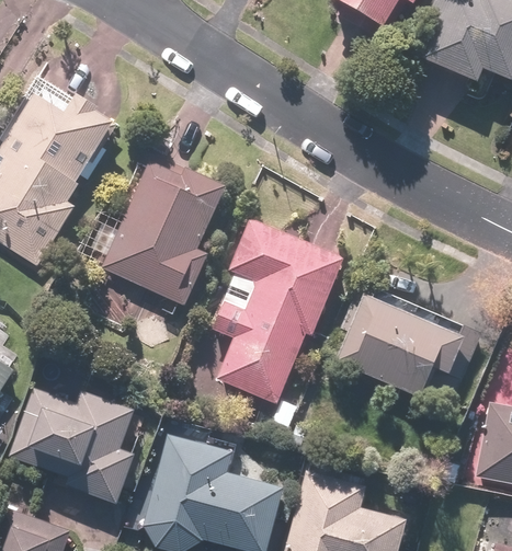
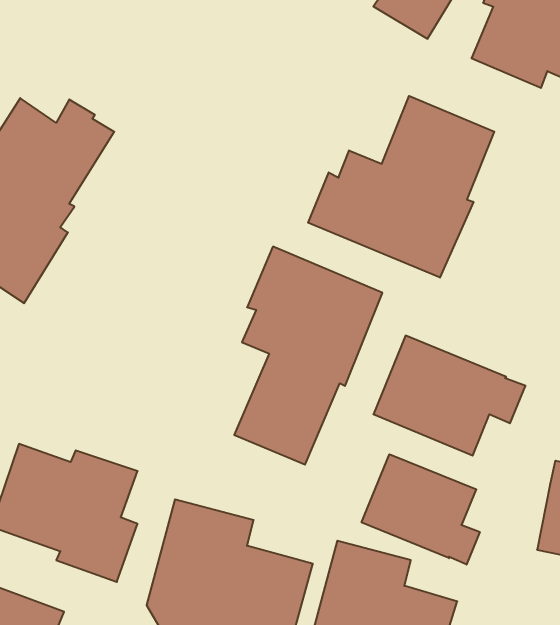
building: none -> [308,96,494,278]
building: [100,150,226,306] -> none
building: none -> [362,454,480,565]

